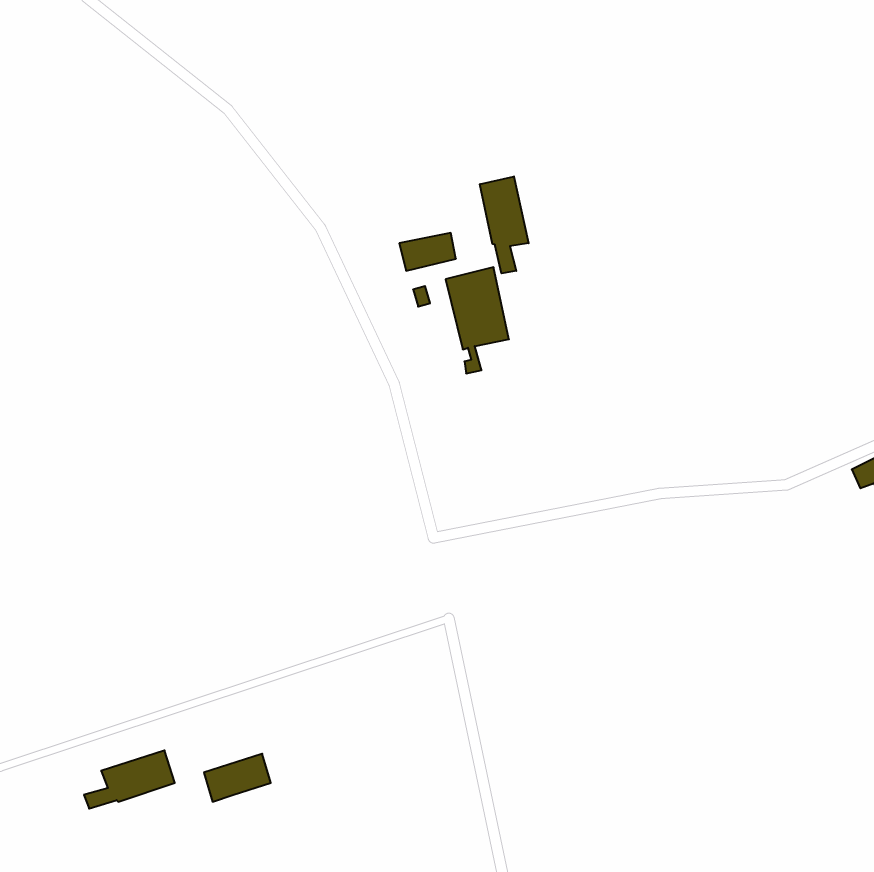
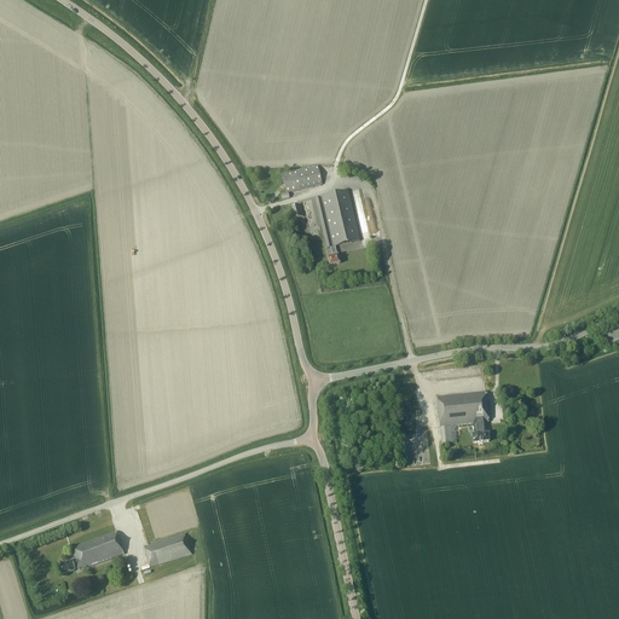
building: [480,176,529,273] -> none
building: none -> [438,389,491,442]

